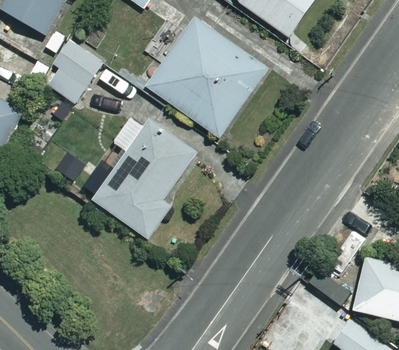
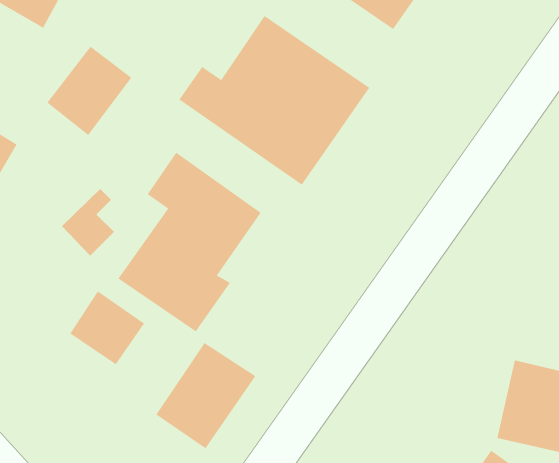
building: none -> [69,291,145,365]
building: none -> [155,342,256,449]

